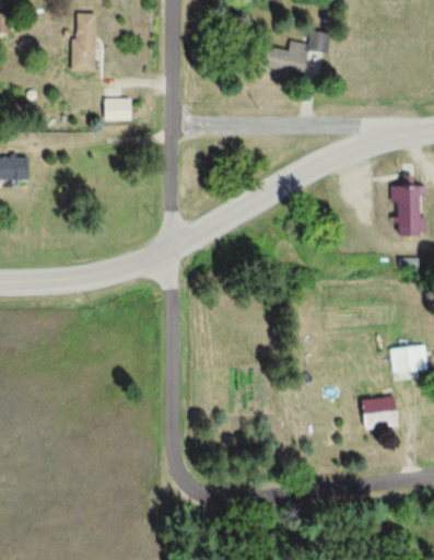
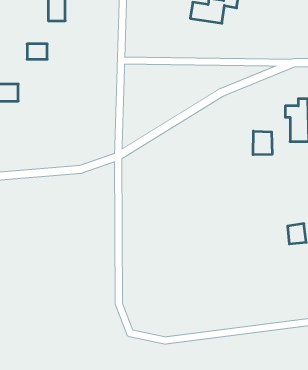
building: [109,98,137,119] -> [27,44,47,59]
building: none -> [253,131,272,155]
building: [363,397,401,427] -> none

